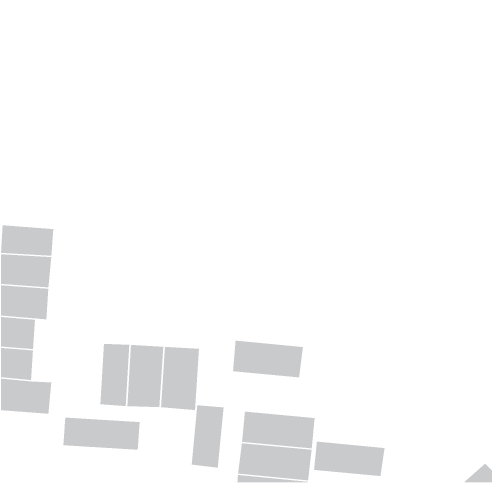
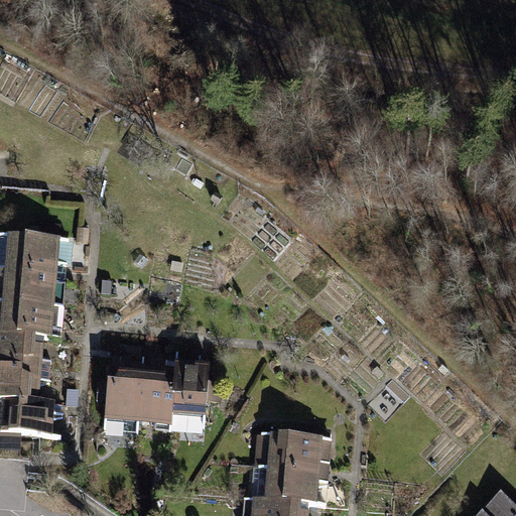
building: [232,340,304,378] -> none
building: [191,405,224,468] -> none
building: [63,417,140,451] -> none
building: [313,441,385,477] -> none

